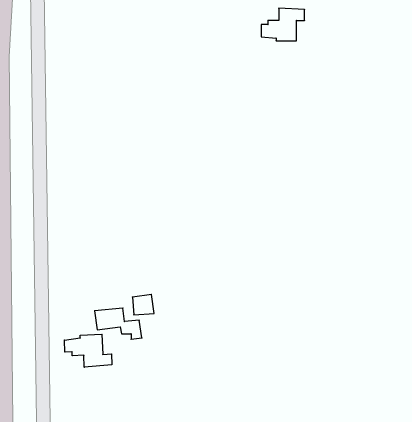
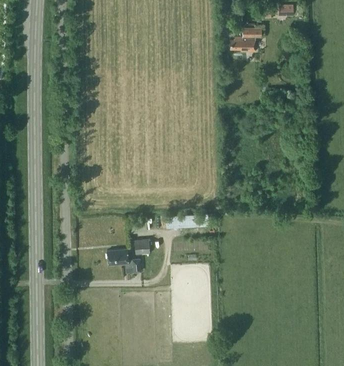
building: [64,334,112,367] -> none

